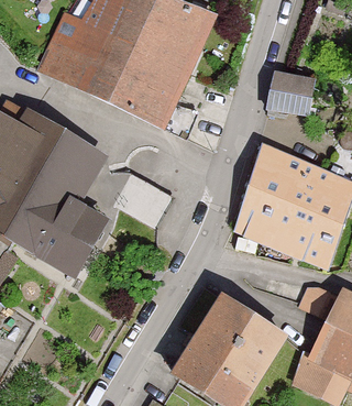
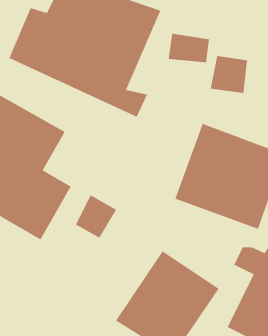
building: none -> [168,33,210,63]
building: none -> [75,195,117,238]

